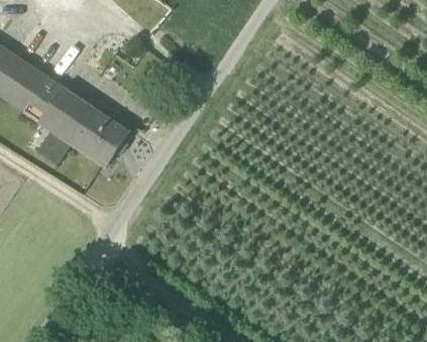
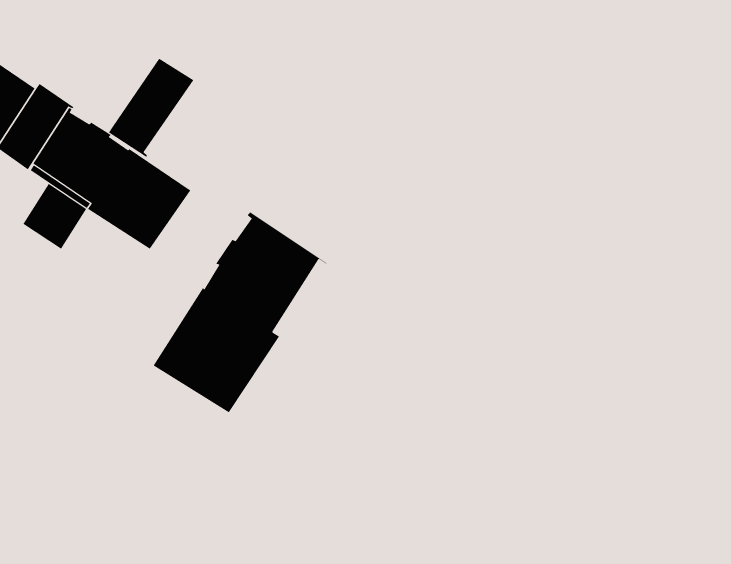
building: none -> [108,58,194,158]
building: none -> [153,212,328,413]

